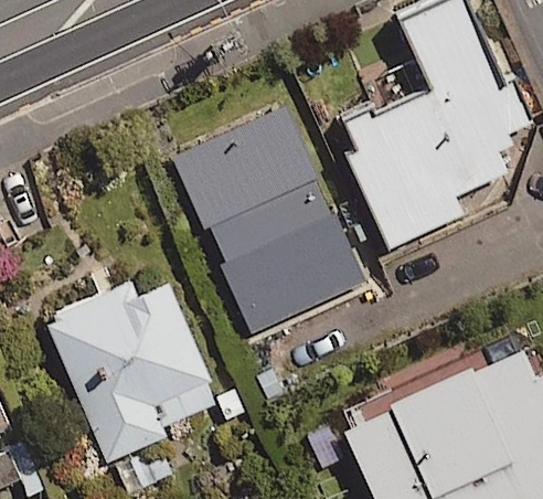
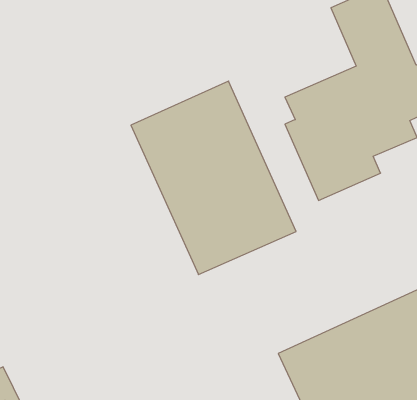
building: [43,283,216,460] -> none

